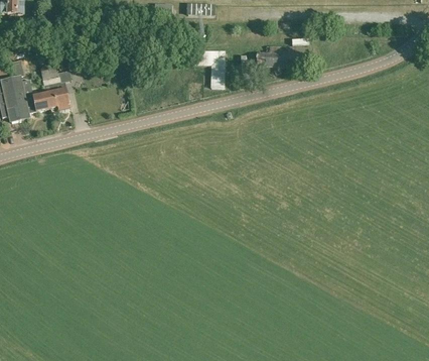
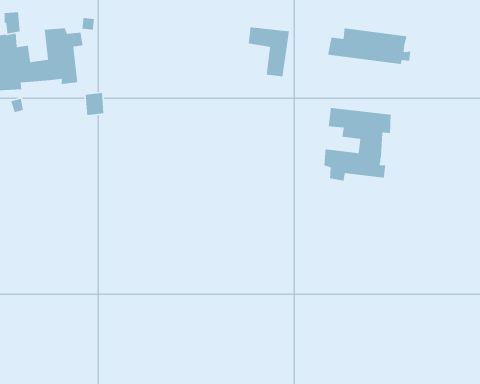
building: none -> [324,107,391,181]

